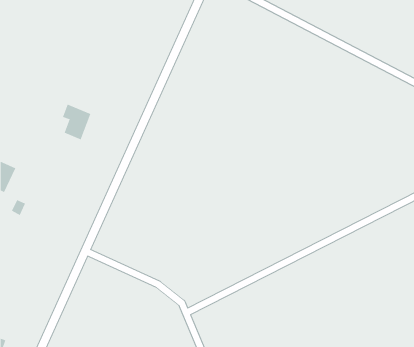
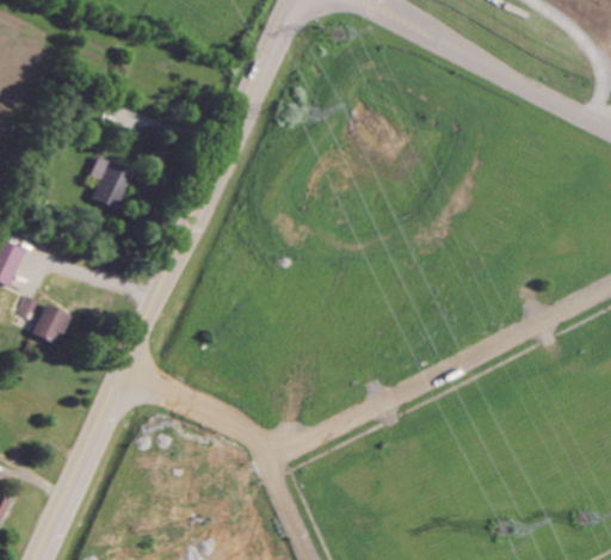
building: none -> [31,304,70,343]

